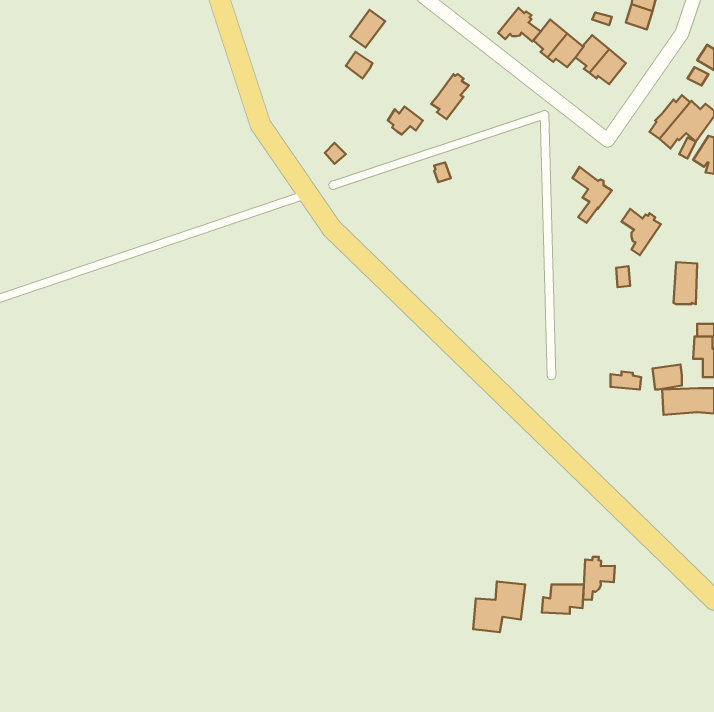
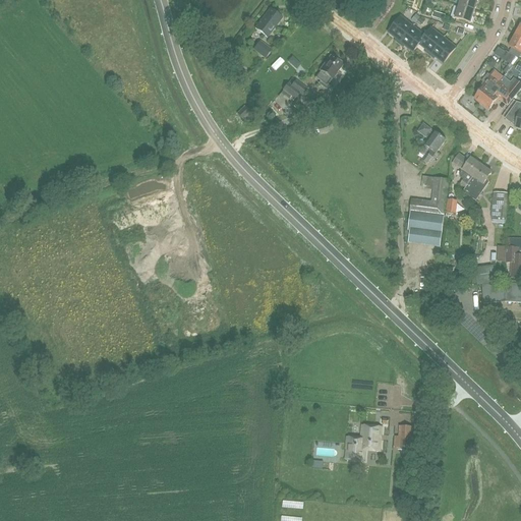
building: [498,8,541,42] -> none
building: none -> [462,163,490,198]
building: none -> [406,175,448,244]
building: [583,557,615,600] -> none

